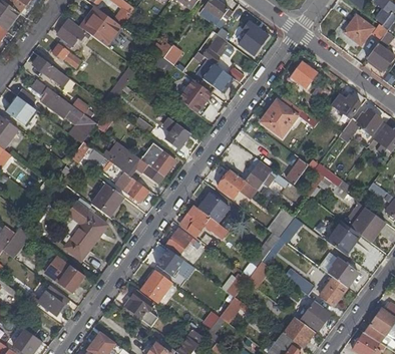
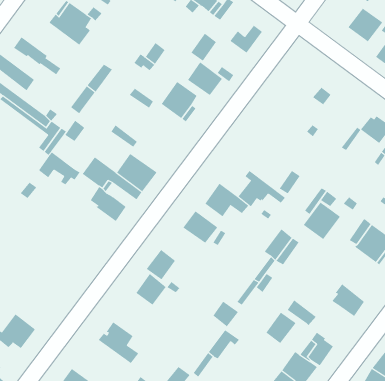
building: [56,19,84,47] -> none
building: [287,61,315,88] -> none
building: [330,92,359,117] -> none
building: [260,95,300,136] -> none
building: [160,115,190,148] -> none
building: [90,184,124,217] -> none
building: [65,202,106,258] -> none
building: [178,205,229,238] -> none
building: [326,220,359,253] -> [303,202,341,240]
building: [48,256,85,291] -> none
building: [139,269,171,302] -> none
building: [321,276,348,304] -> [266,312,296,344]

